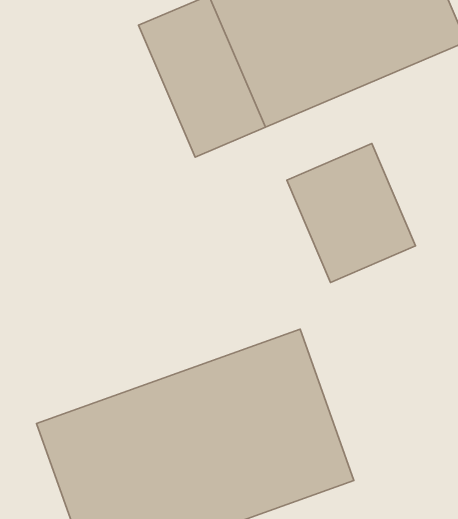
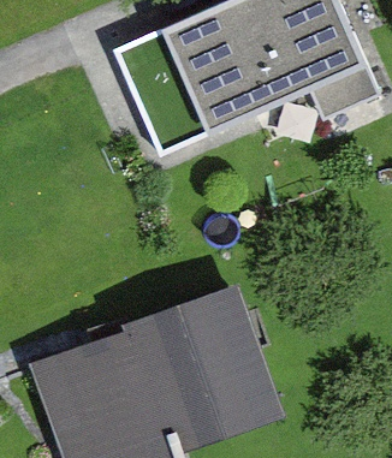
building: [287,143,415,282] -> none

